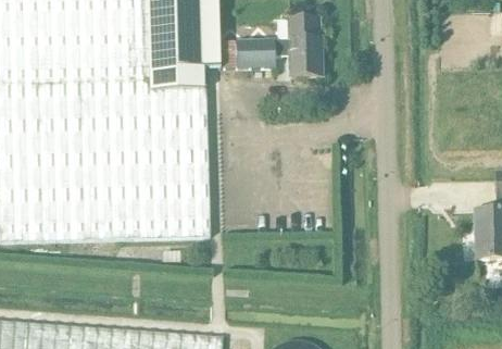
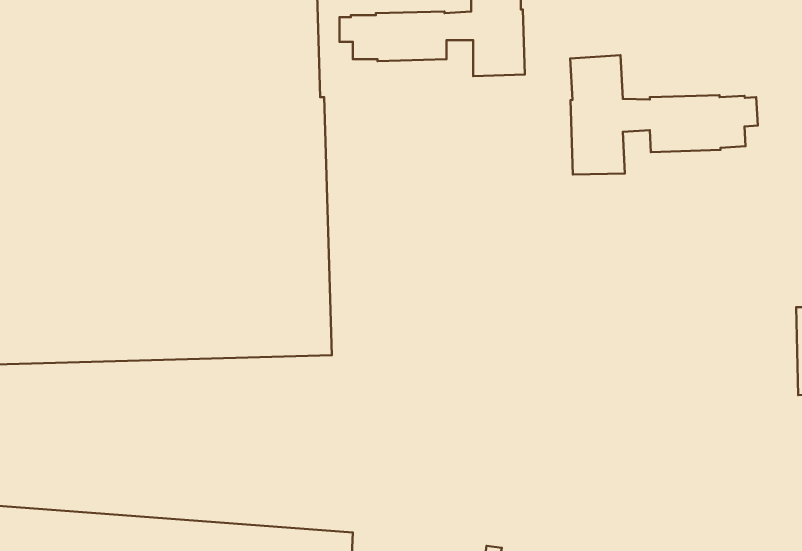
building: none -> [570,55,758,175]

